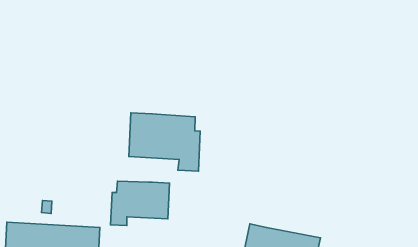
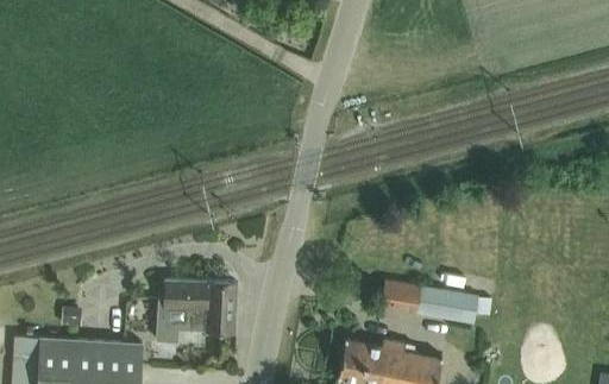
building: [129,113,200,171] -> none
building: none -> [382,281,469,321]

